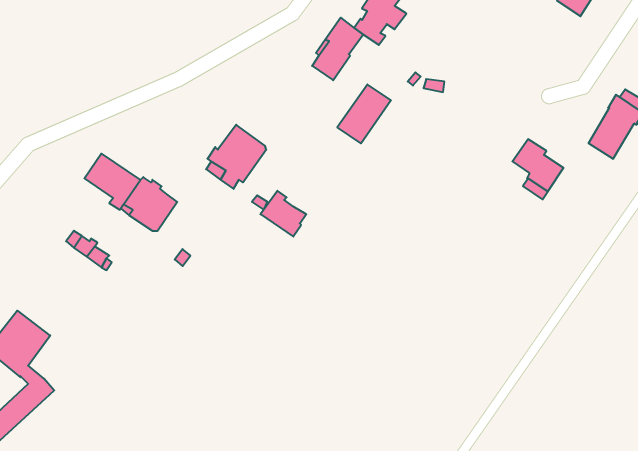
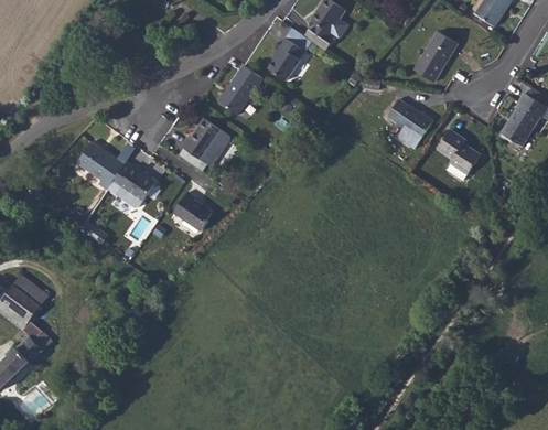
building: none -> [413,31,456,80]
building: [337,84,391,143] -> [217,64,262,114]
building: none -> [387,98,432,148]
building: [260,191,306,237] -> [173,191,212,229]

